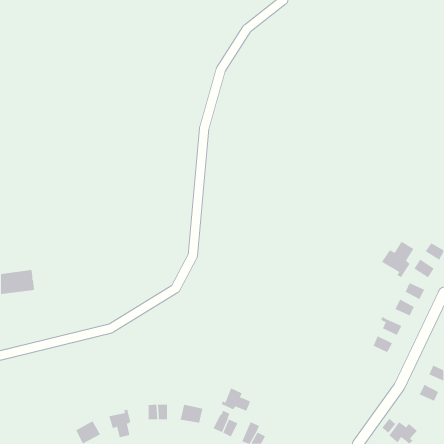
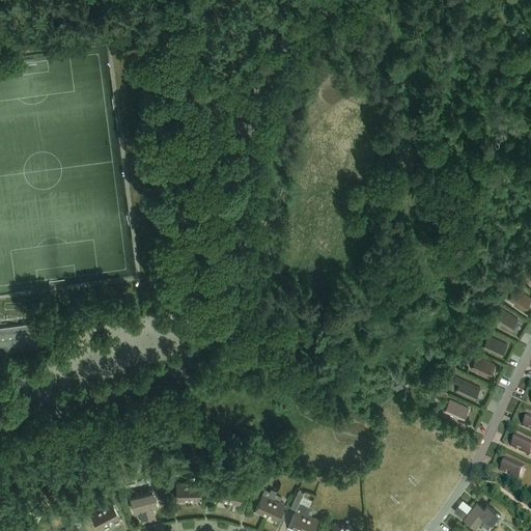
building: [381,241,414,278] -> none
building: [221,388,251,412] -> none

